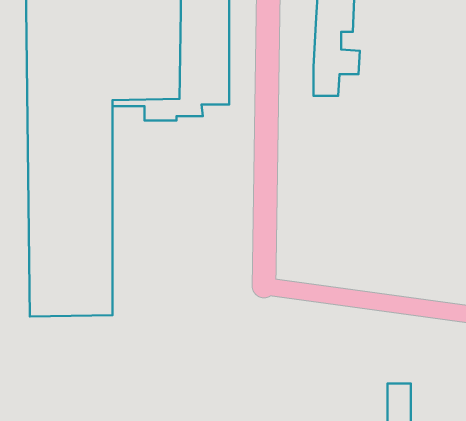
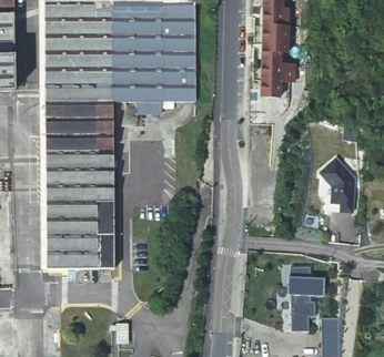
building: none -> [323,159,357,212]
building: none -> [286,265,324,329]

